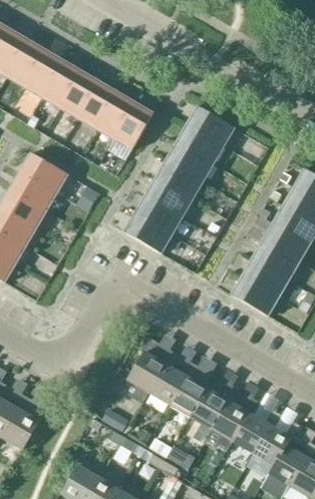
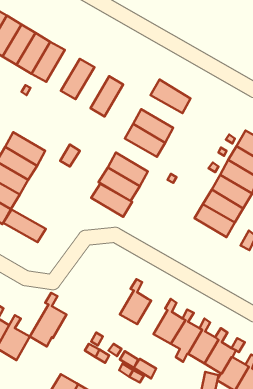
building: [59,69,100,119] -> none
building: [95,90,136,140] -> none
building: [176,124,226,164] -> none
building: [19,150,69,192] -> none
building: [144,177,195,217] -> [91,184,132,217]
building: none -> [3,209,46,242]
building: [231,275,280,315] -> none
building: [121,337,167,402] -> [30,293,67,346]
building: [171,362,208,416] -> none

